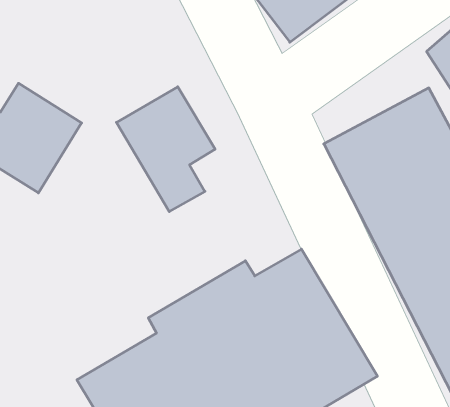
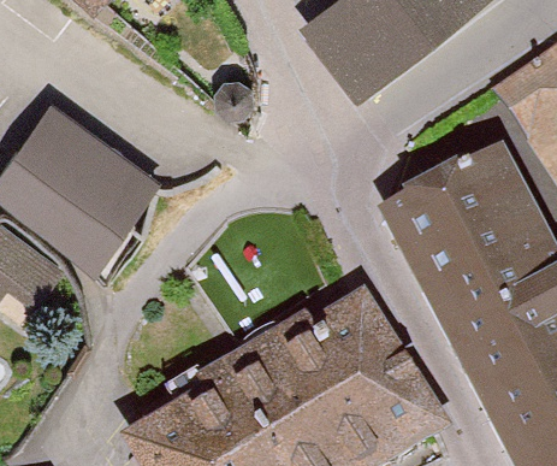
building: [116,87,215,212] -> none

